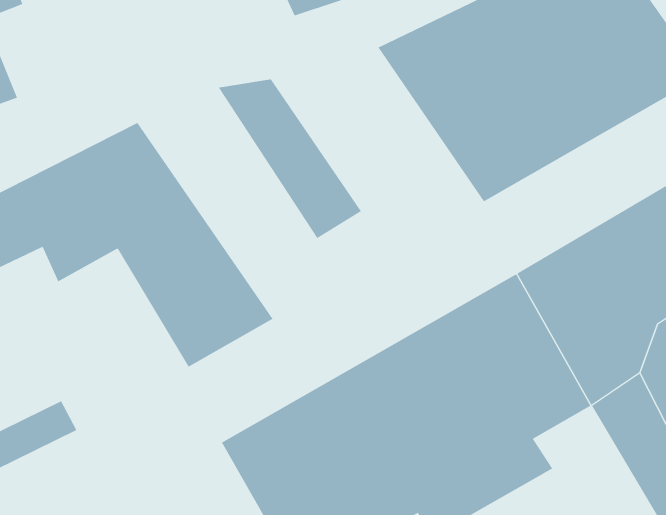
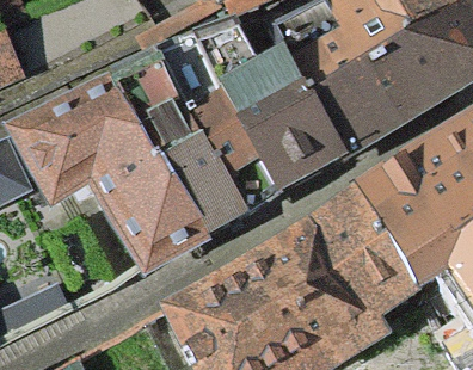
building: none -> [199,41,345,185]
building: none -> [108,68,250,227]

